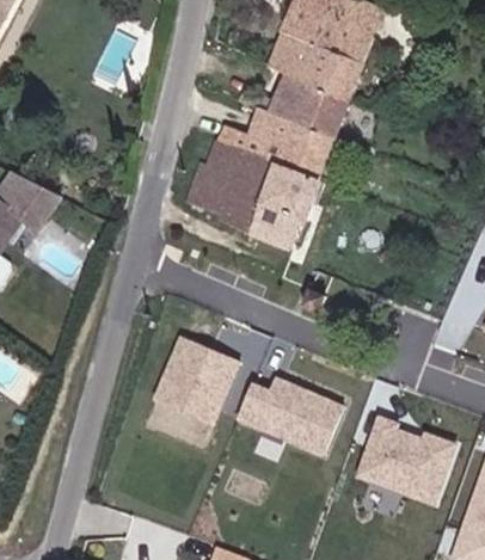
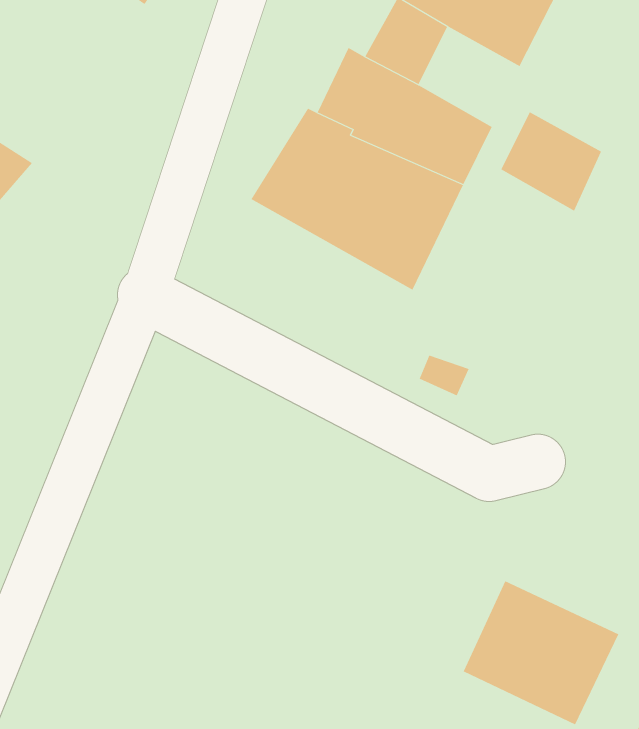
building: [291,76,354,136] -> [501,112,602,212]
building: [148,337,233,426] -> none
building: [237,374,343,459] -> none

